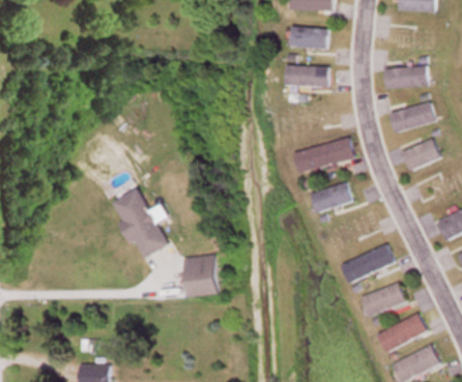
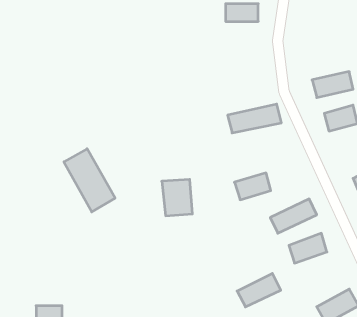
building: [286,65,328,85] -> none
building: [384,65,428,88] -> none
building: [311,183,351,213] -> [234,173,271,200]
building: [183,255,218,295] -> [162,179,192,216]
building: [378,314,427,351] -> [237,273,281,307]

